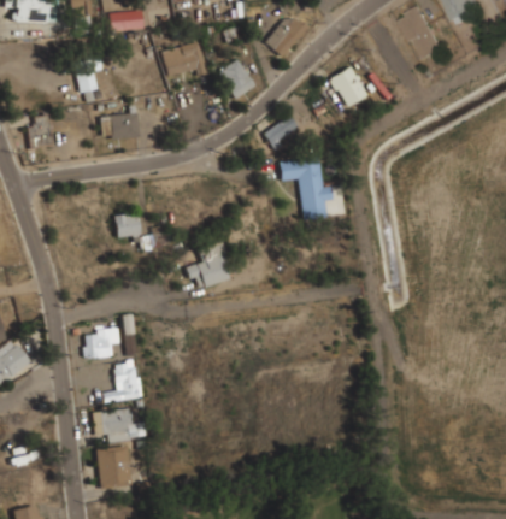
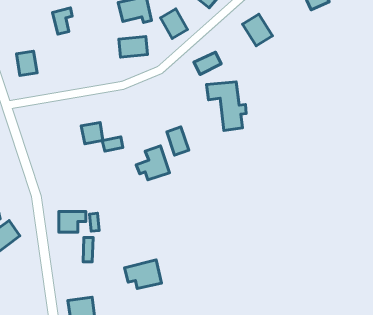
building: [101,112,140,140] -> [119,36,148,57]
building: none -> [167,127,189,155]
building: [92,405,141,443] -> [125,260,162,289]

